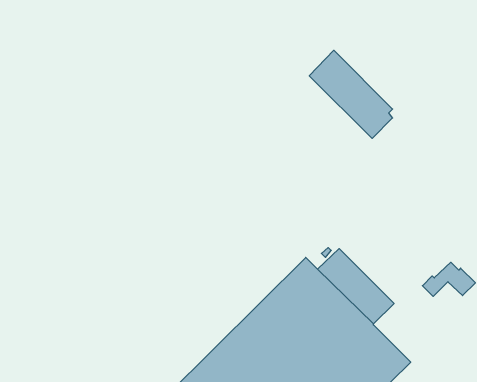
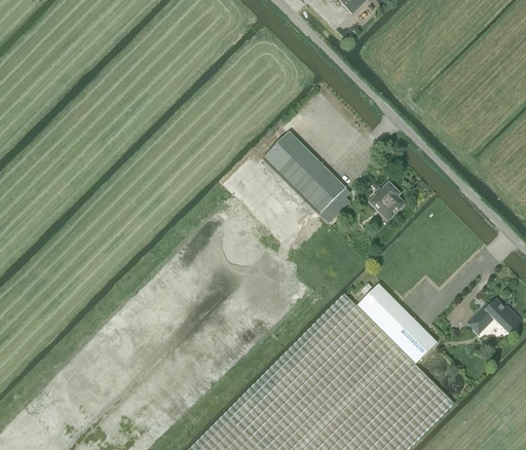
building: [309,50,393,138] -> [263,132,350,224]
building: none -> [369,183,405,222]

